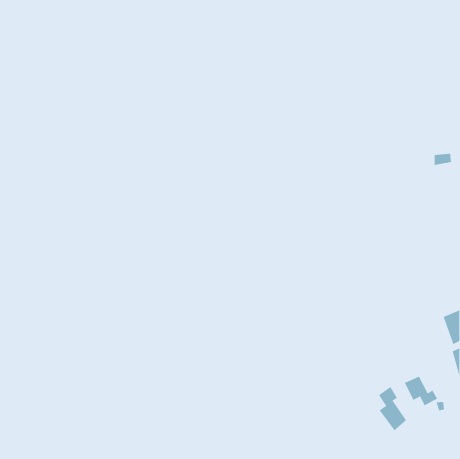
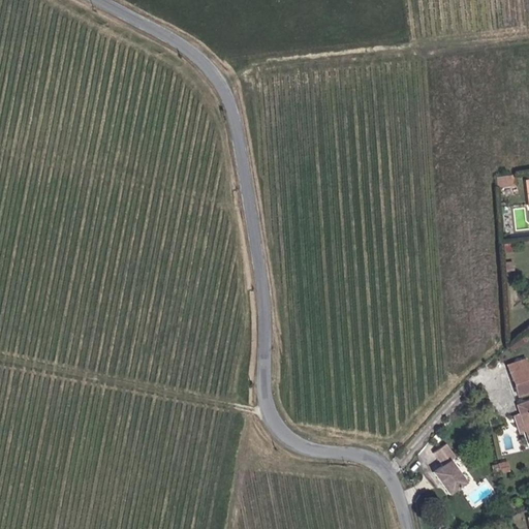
building: [404,376,438,406] -> none

